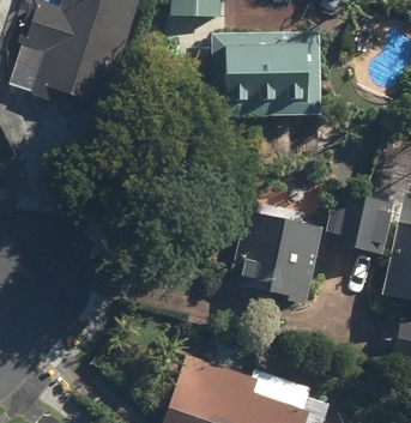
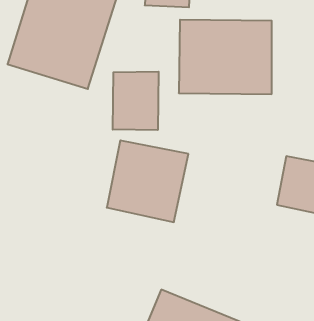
building: none -> [113,72,159,130]
building: [228,212,322,307] -> [107,140,188,222]

